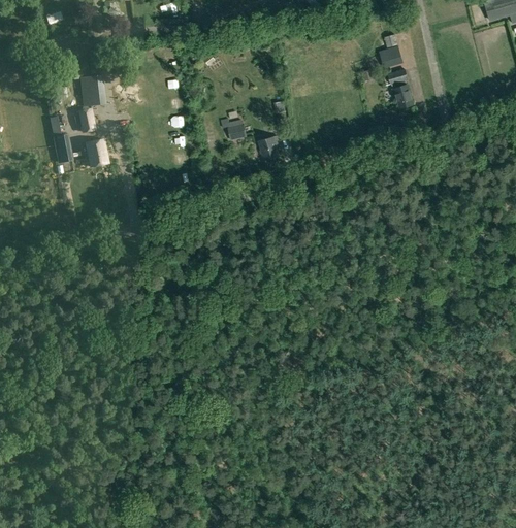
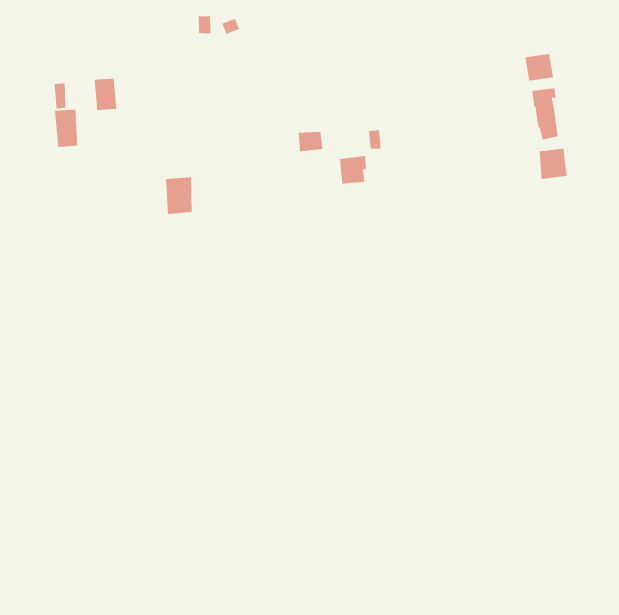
building: [79,74,106,106] -> none
building: none -> [539,148,567,180]
building: [86,137,108,166] -> [165,177,192,214]

